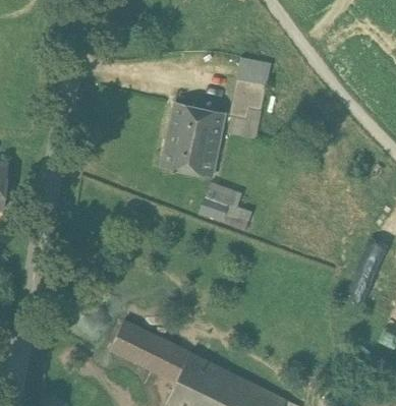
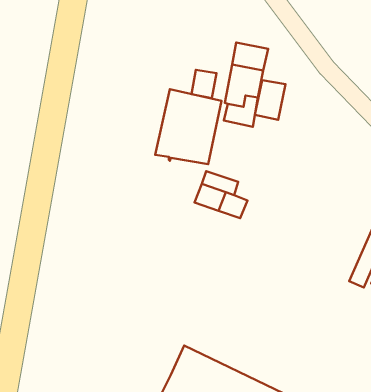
building: none -> [191,70,216,98]
building: none -> [255,80,286,120]
building: [110,322,189,383] -> none

